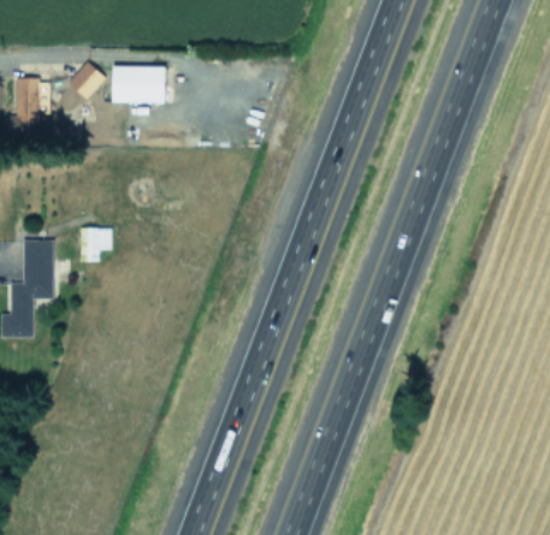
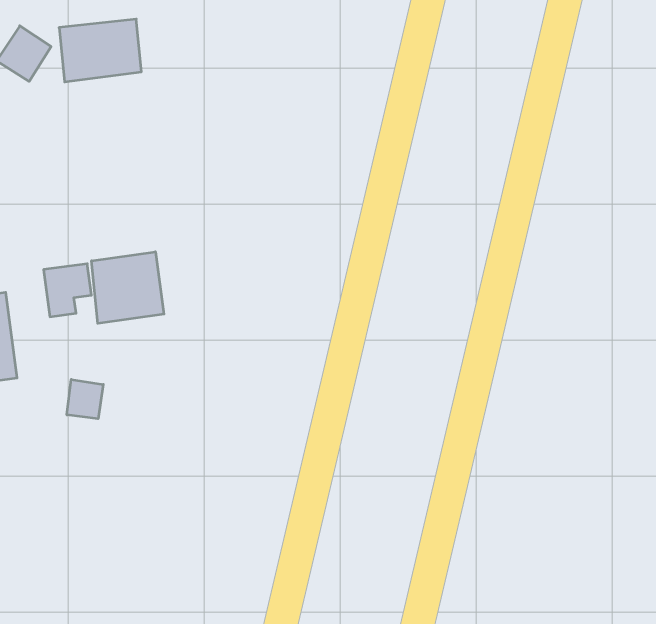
building: none -> [92,252,164,323]
building: none -> [67,379,103,419]

